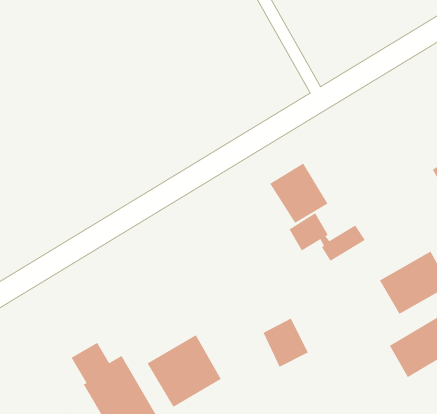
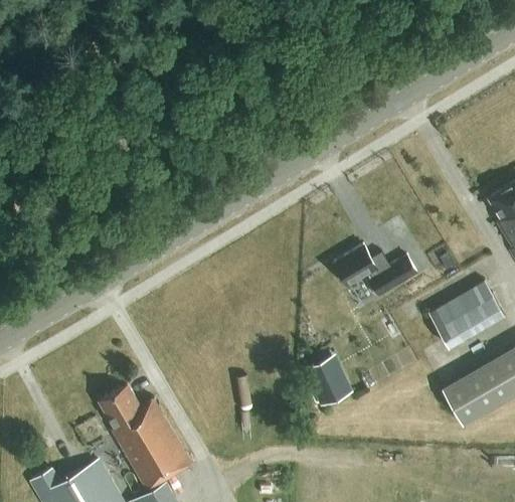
building: [269,163,328,224] -> none
building: [147,334,222,408] -> none

